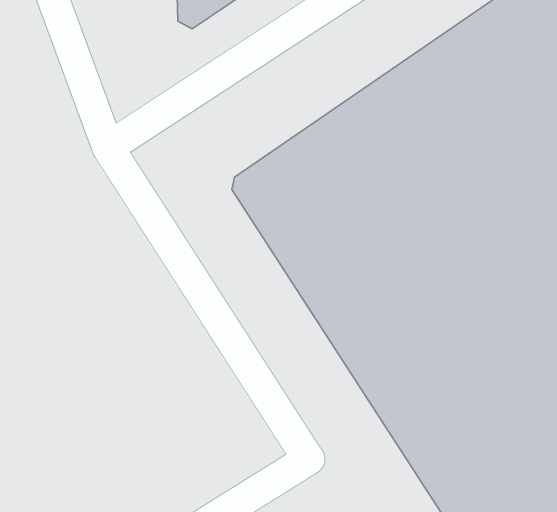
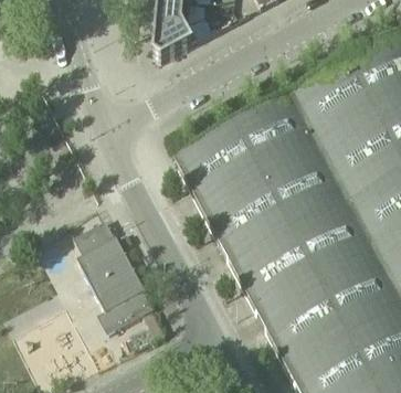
building: none -> [73,219,152,331]

